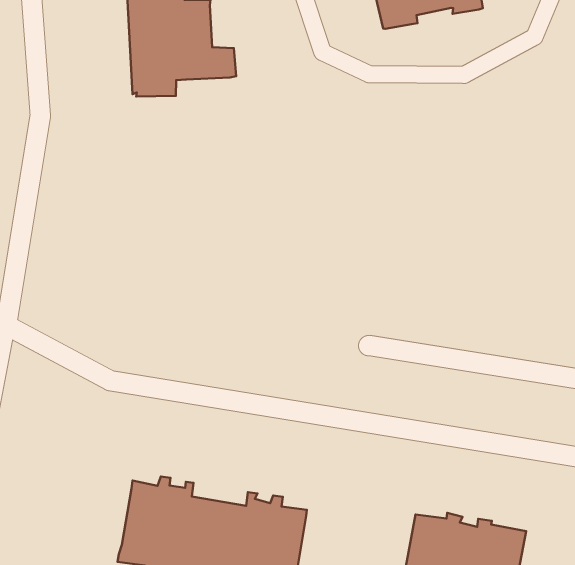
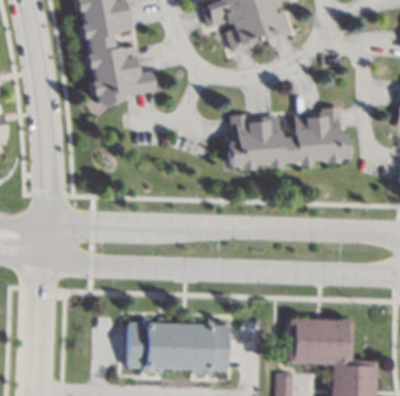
building: none -> [228,106,349,171]

